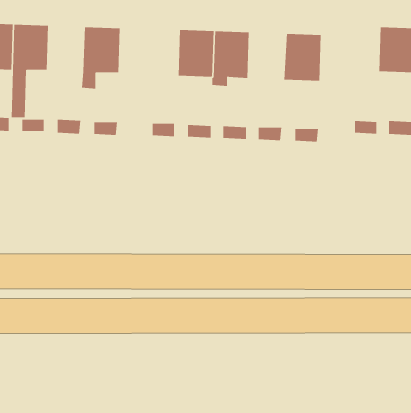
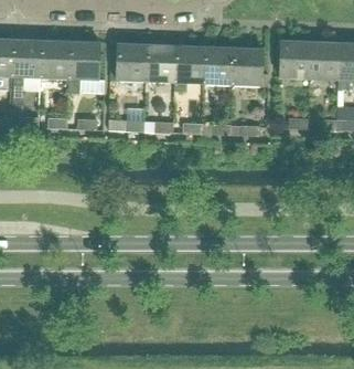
building: none -> [40,41,69,78]
building: none -> [279,41,310,78]
building: none -> [116,44,147,82]
building: none -> [203,46,234,85]

